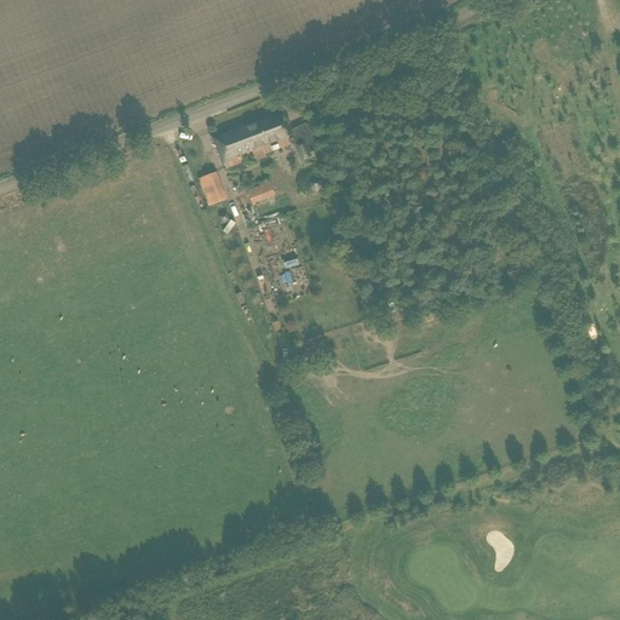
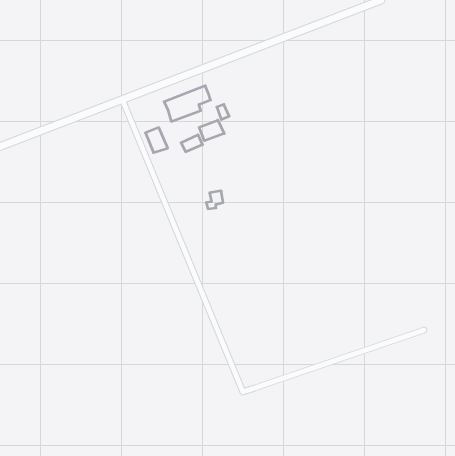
building: none -> [199,120,224,141]

